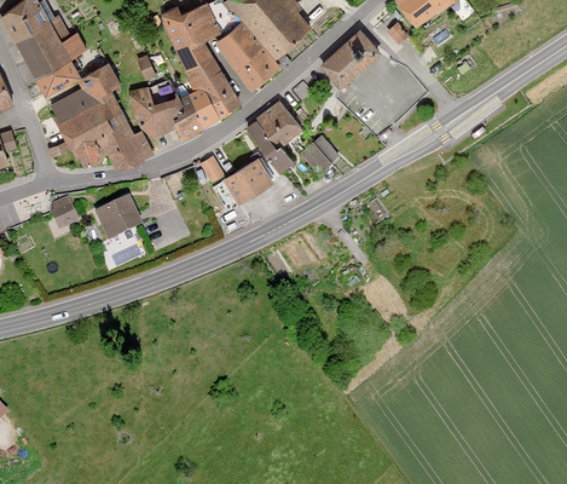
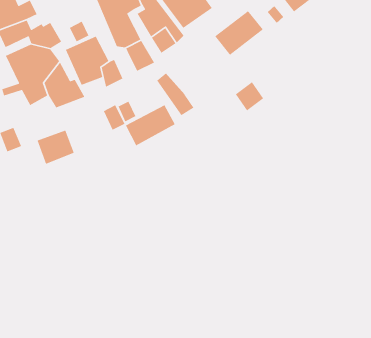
building: [191,92,221,127] -> [103,104,126,131]
building: [259,96,306,143] -> none
building: [299,134,337,174] -> [235,81,264,111]

